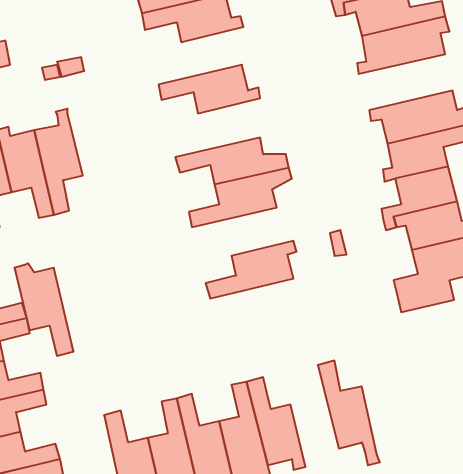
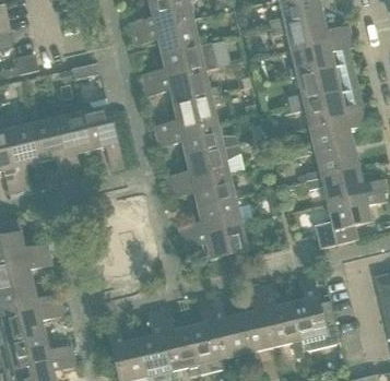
building: none -> [142,41,216,84]
building: none -> [286,62,356,112]
building: none -> [154,94,220,136]
building: none -> [168,172,241,207]
building: [14,263,74,356] -> [79,102,121,168]
building: none -> [181,224,255,259]
building: none -> [291,273,340,350]
building: none -> [239,286,274,359]

